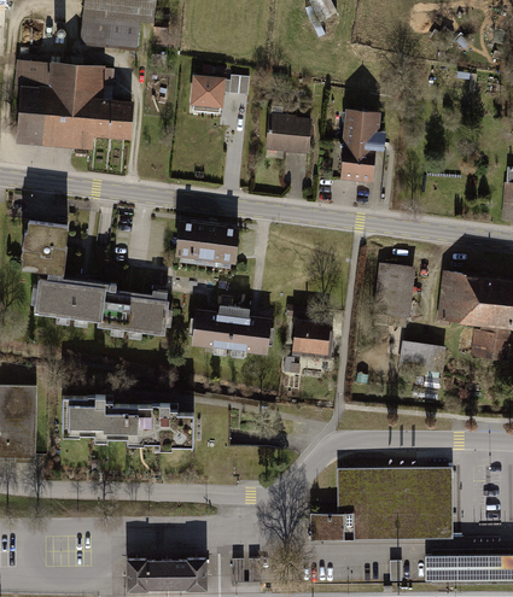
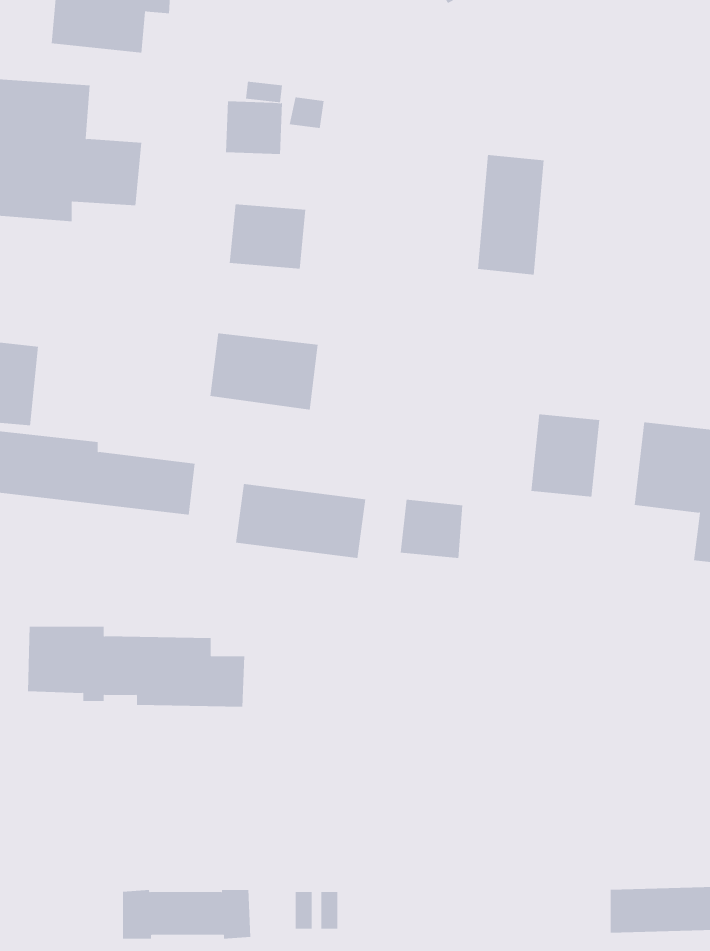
building: [264,113,311,153] -> [229,204,306,269]
building: [397,340,443,374] -> none
building: [310,468,451,539] -> none

